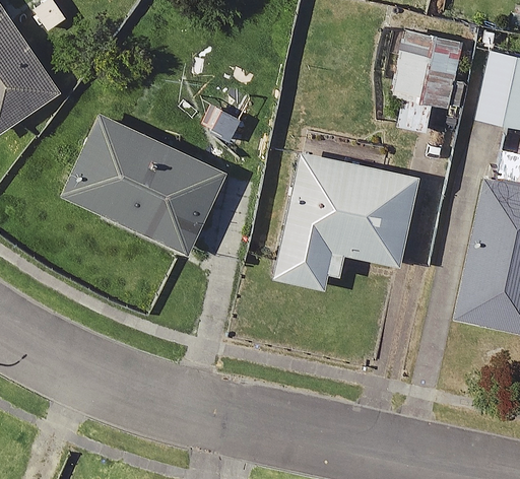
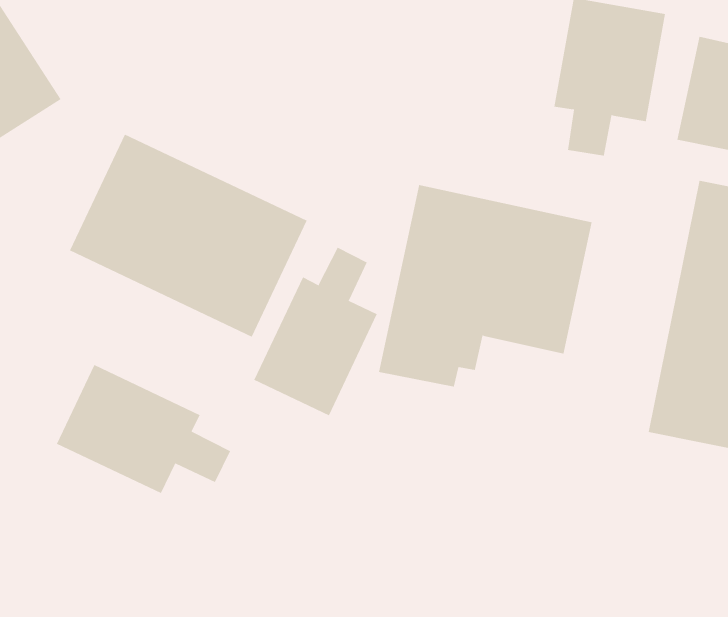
building: none -> [254,247,377,416]
building: none -> [56,364,231,494]

